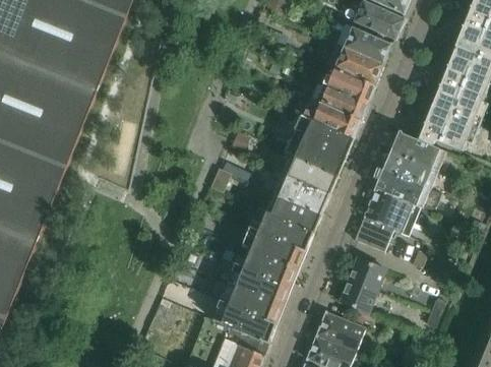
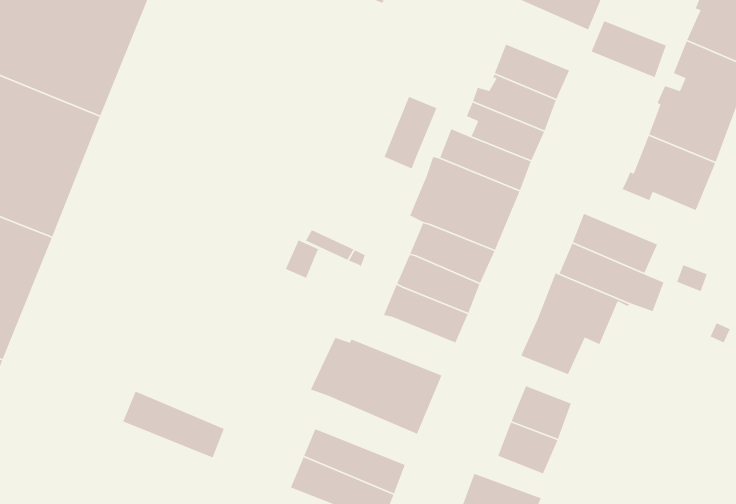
building: [344,28,390,64] -> [591,20,667,78]
building: none -> [384,96,437,169]
building: [391,133,445,171] -> none
building: [249,209,313,251] -> none
building: [227,264,290,306] -> [122,390,225,458]

